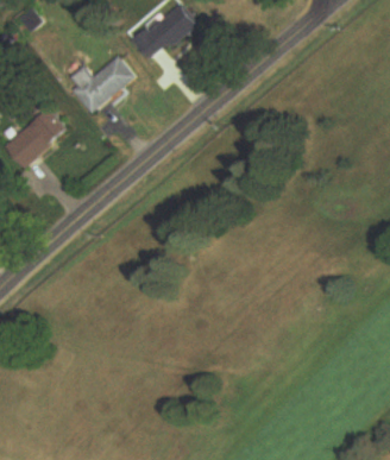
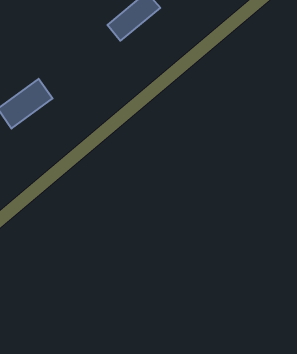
building: [67,56,133,112] -> none

